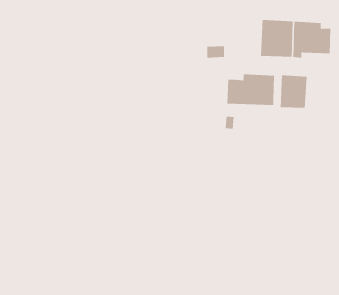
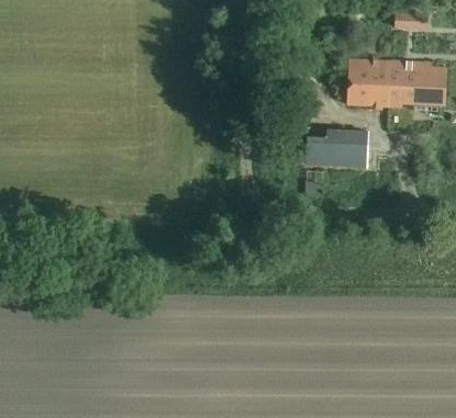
building: [280,75,307,109] -> none

